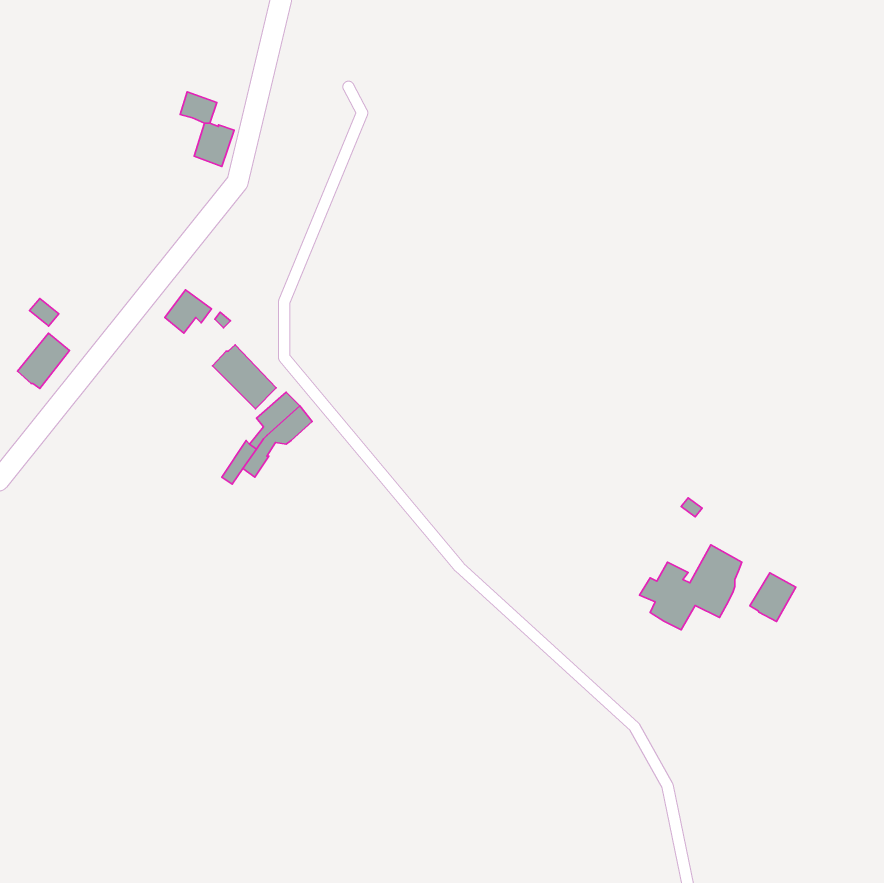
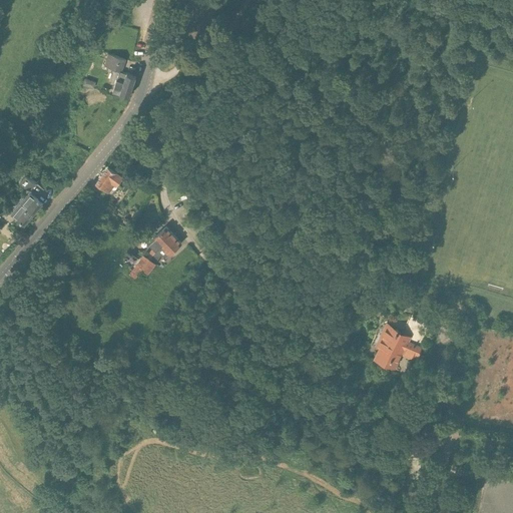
building: [213,345,276,409] -> none
building: [750,573,796,622] -> none

